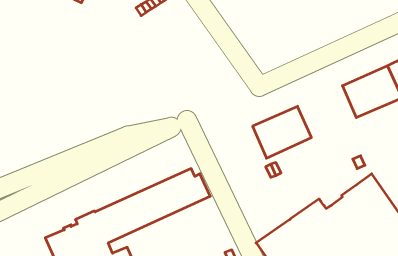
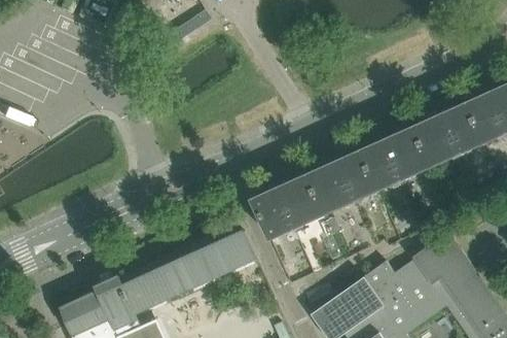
building: none -> [361,126,431,188]
building: none -> [253,174,324,236]

